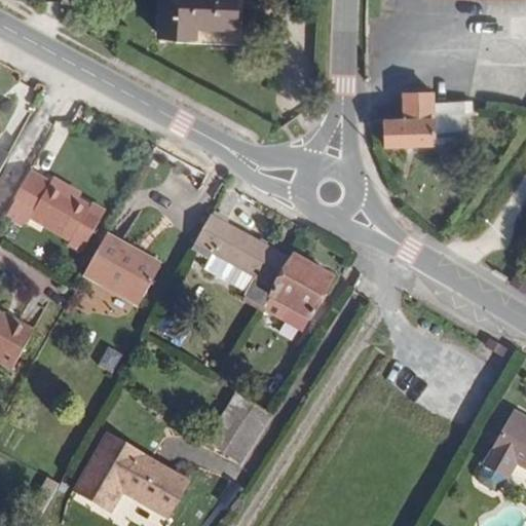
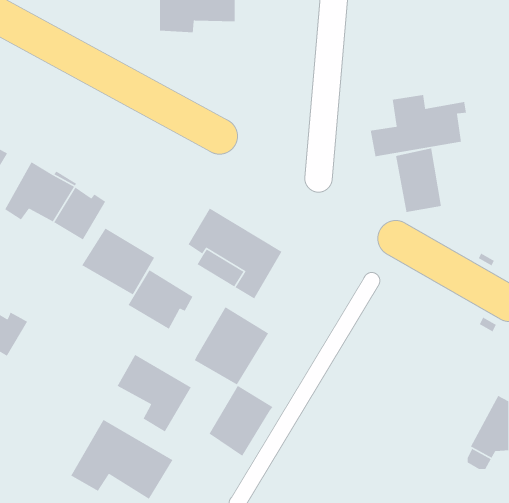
building: none -> [395,147,442,213]
building: [258,258,335,339] -> [194,306,269,385]
building: none -> [127,269,194,330]
building: none -> [116,354,192,432]

